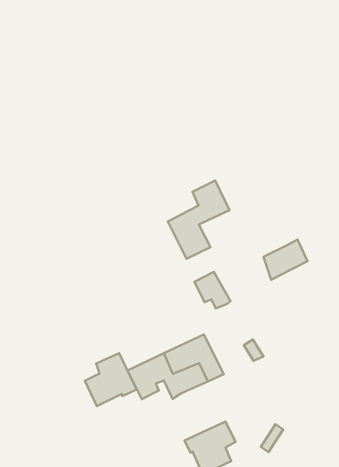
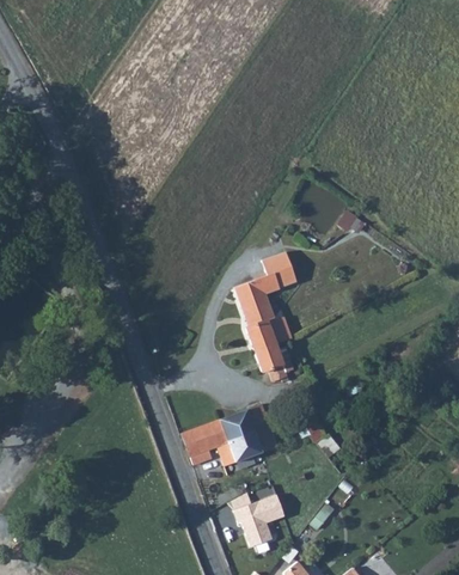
building: [263,240,308,280] -> [250,316,294,354]
building: [85,353,137,406] -> none

